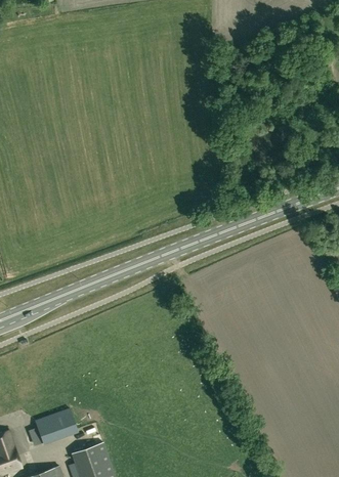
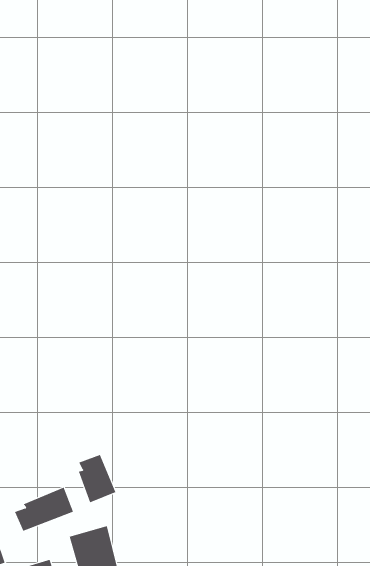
building: none -> [78,454,116,503]

